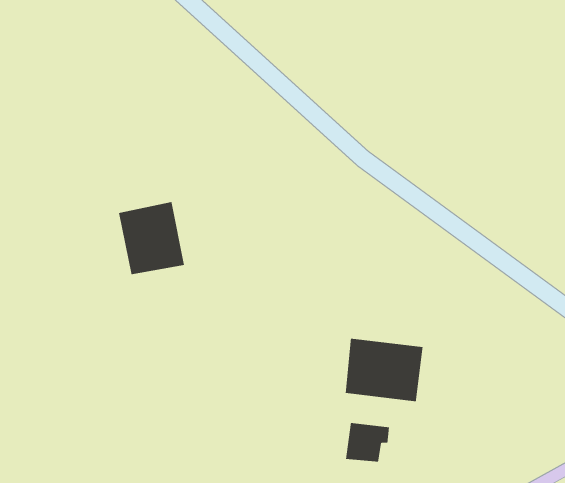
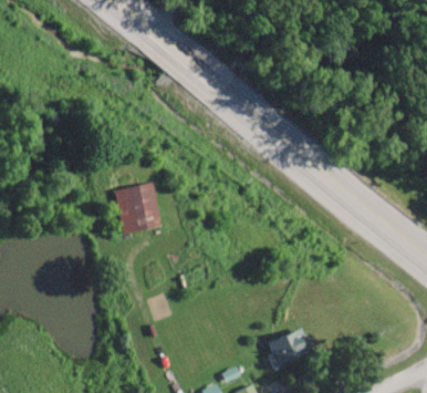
building: [345,338,423,402] -> none

